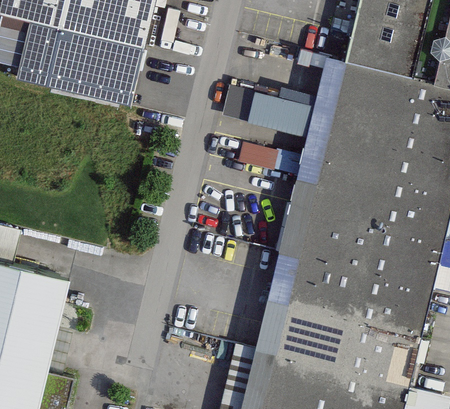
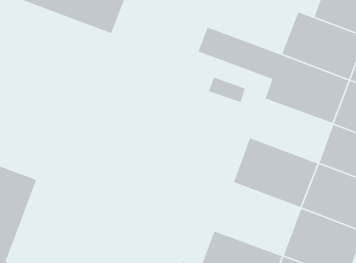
building: [294,156,383,219] -> none
building: [268,252,360,325] -> none

